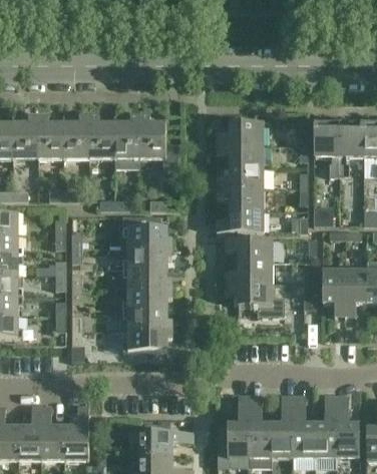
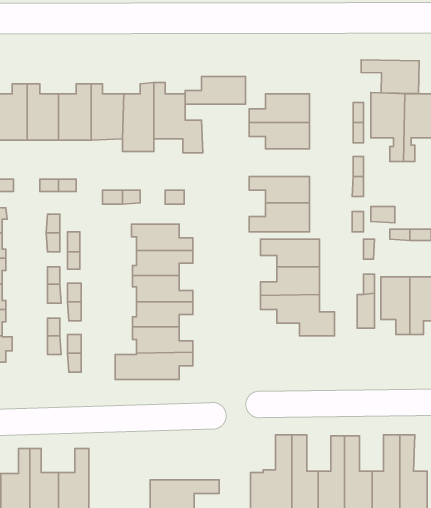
building: none -> [361,60,419,94]
building: [217,166,265,188] -> [185,77,245,104]

